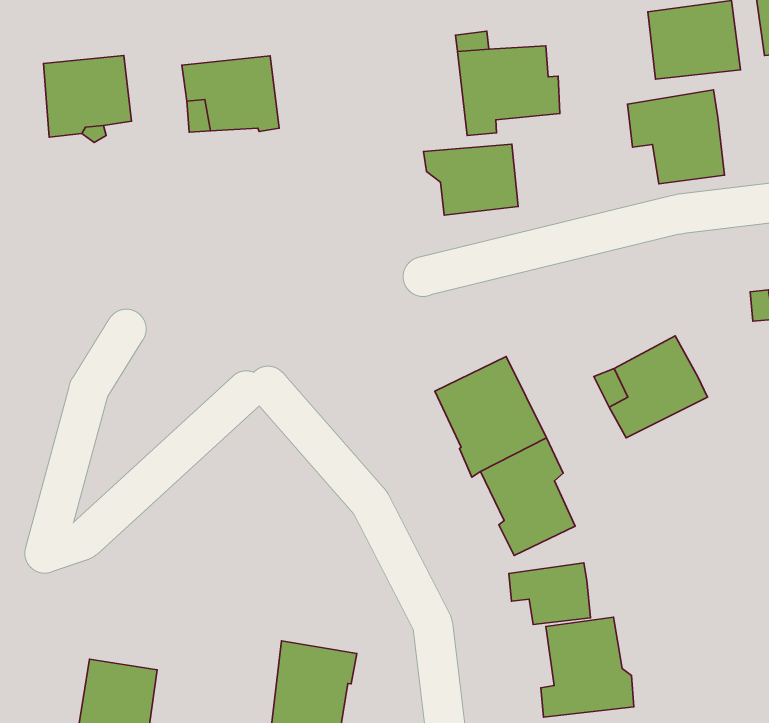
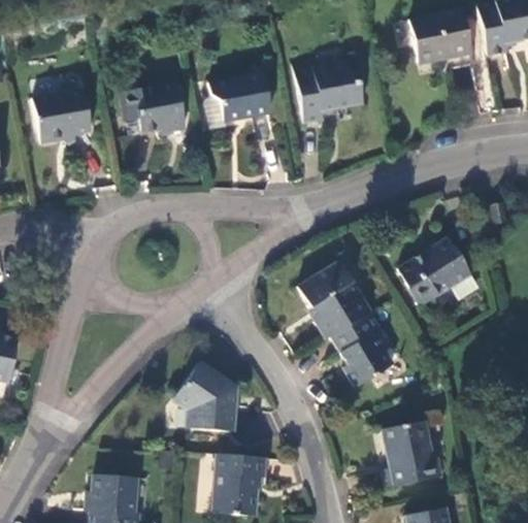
building: [628,90,725,184] -> none
building: [423,144,518,215] -> [208,72,271,121]
building: none -> [174,362,234,430]
building: [509,563,590,624] -> none

